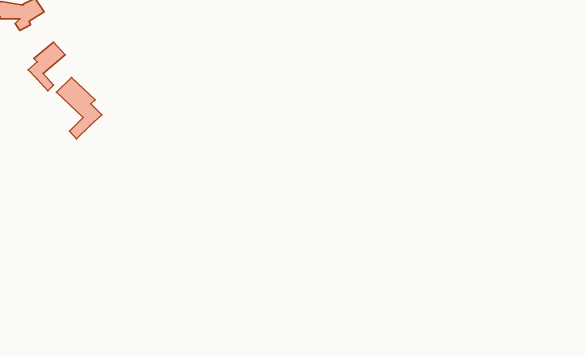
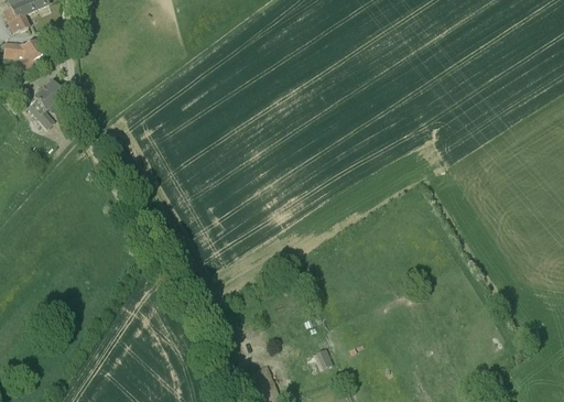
building: [56,78,102,139] -> none

